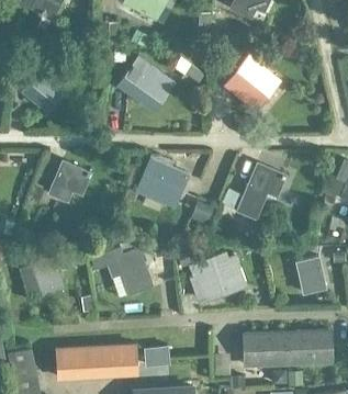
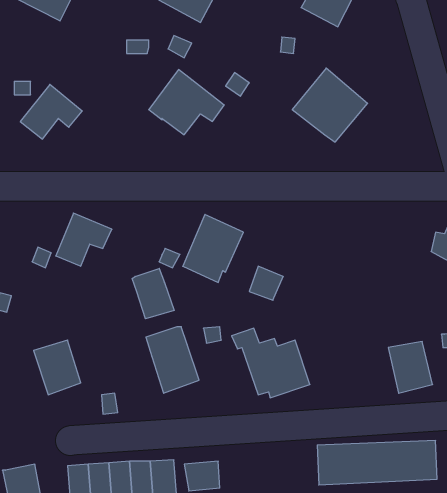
building: [237,160,288,217] -> none
building: none -> [132,268,174,319]

